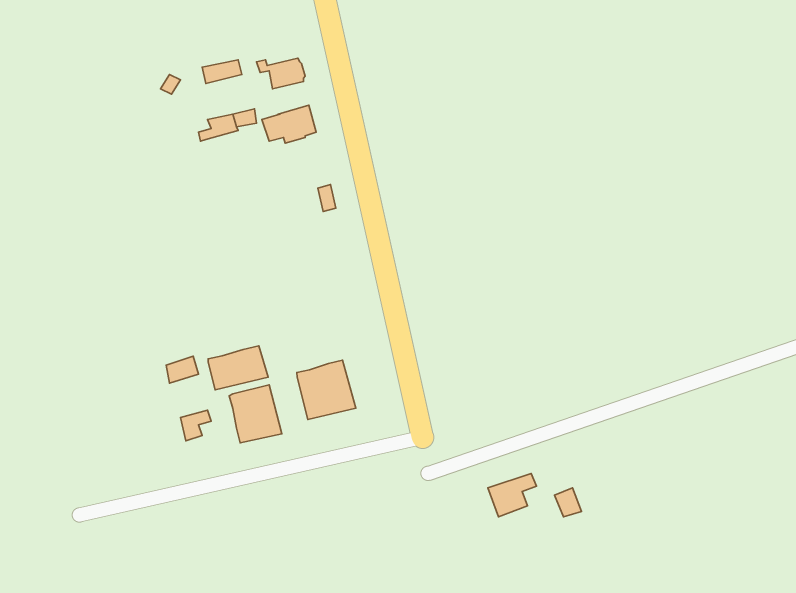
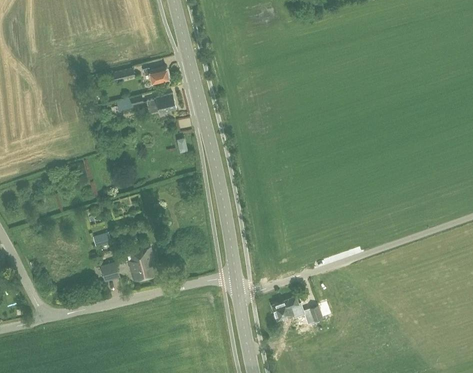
building: [208,346,268,390] -> none
building: [297,360,356,420] -> none

